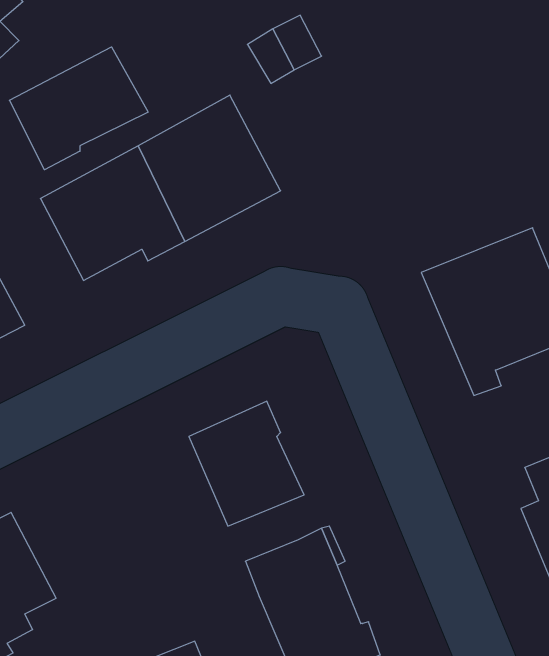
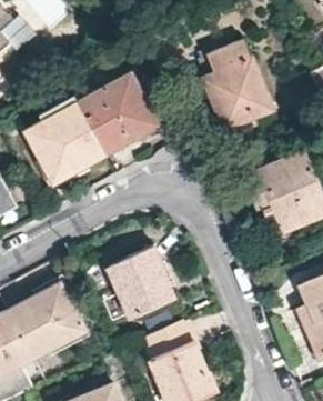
building: none -> [204,39,272,127]
building: [9,47,148,170] -> none
building: none -> [8,282,85,359]

